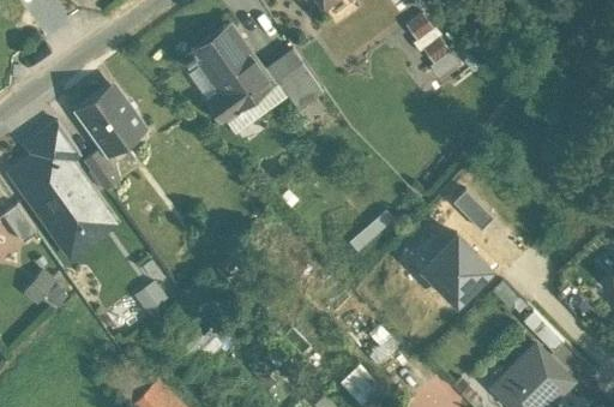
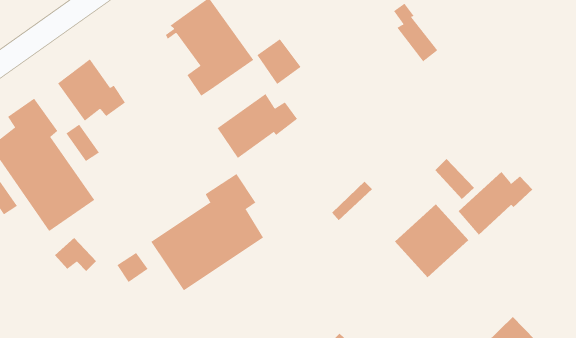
building: none -> [217,93,298,159]
building: none -> [458,171,533,235]
building: none -> [150,173,264,291]
building: [26,271,70,306] -> [54,237,97,272]

